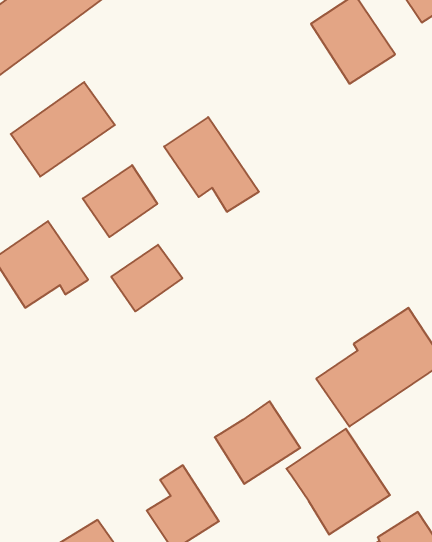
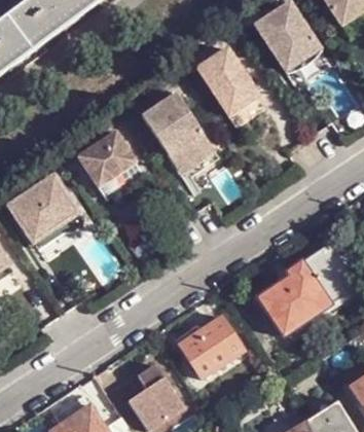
building: none -> [195,48,257,115]
building: [11,82,115,177] -> none
building: [111,245,182,311] -> none
building: [286,429,390,535] -> none

